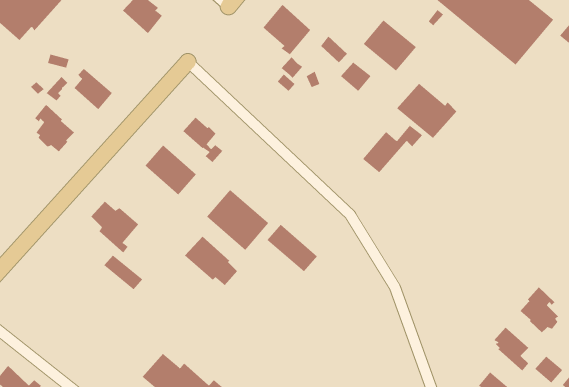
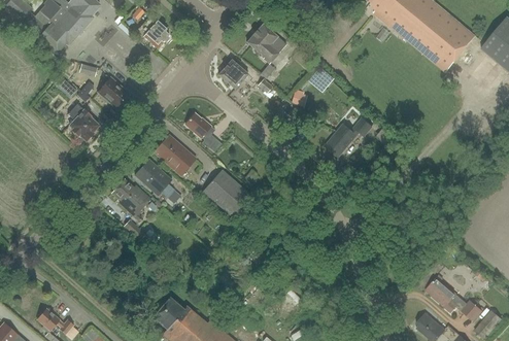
building: [363,19,417,72] -> none
building: none -> [219,60,258,89]
building: [396,83,457,139] -> none
building: [267,224,318,272] -> none
building: [184,236,238,286] -> [135,159,177,198]
building: [519,286,559,333] -> none

